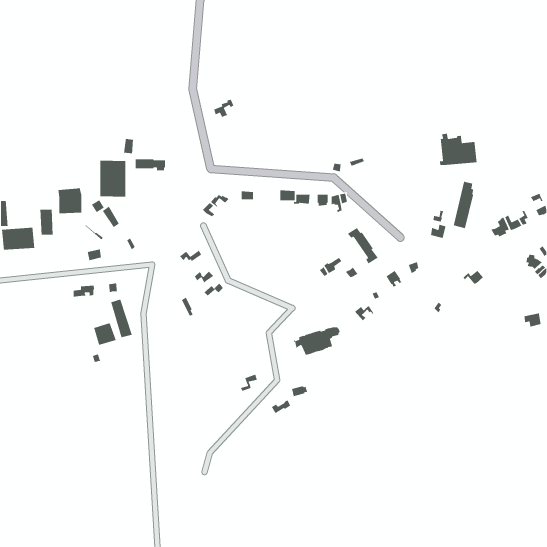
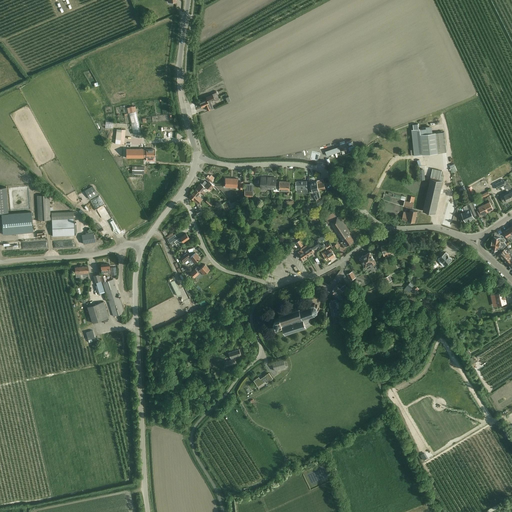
building: [100,160,126,198] -> none
building: [57,188,82,214] -> [51,211,74,236]

